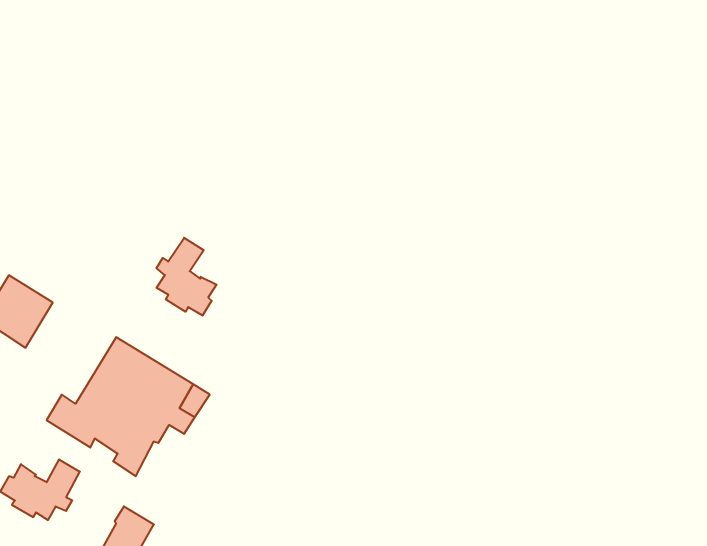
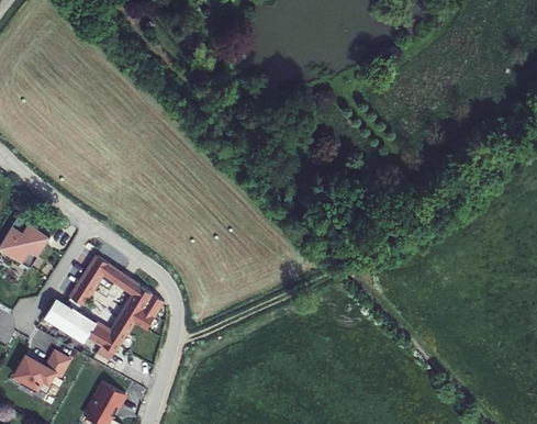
building: [156,238,217,316] -> none

